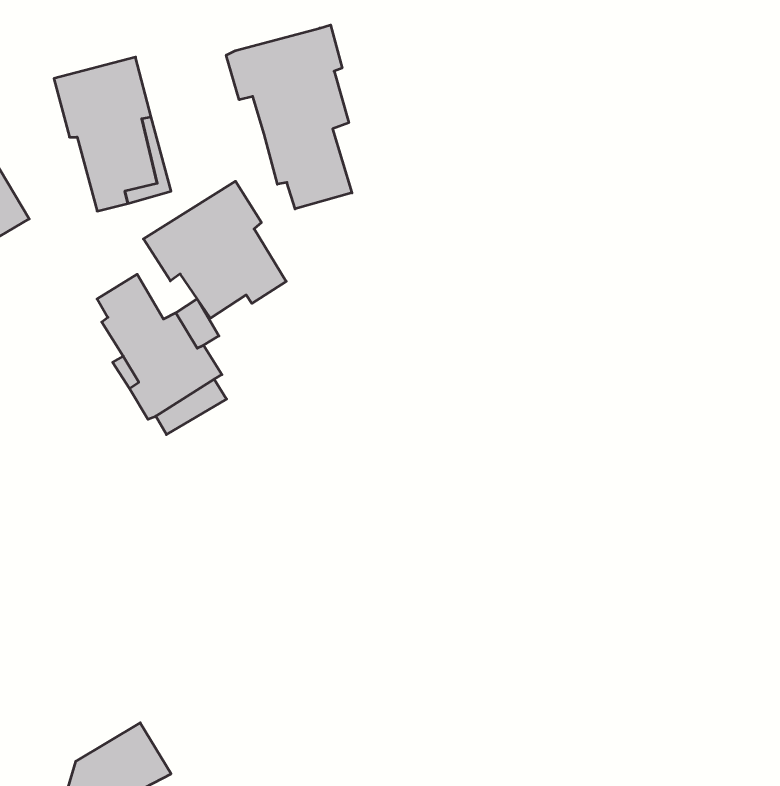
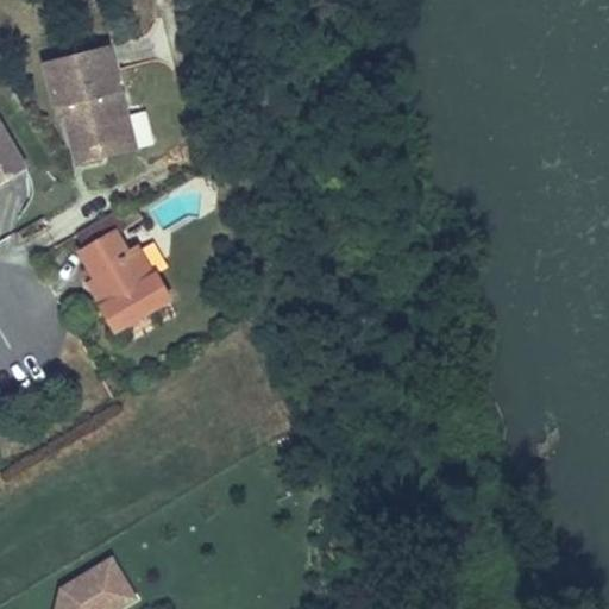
building: [226,25,352,209] -> none
building: [143,181,286,318] -> none

